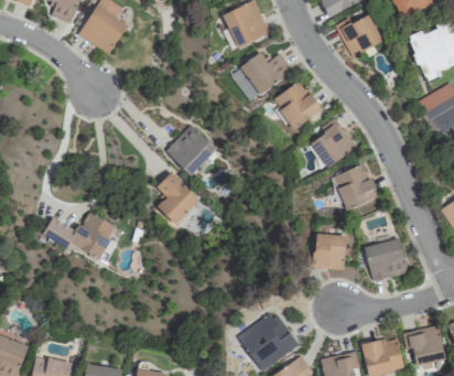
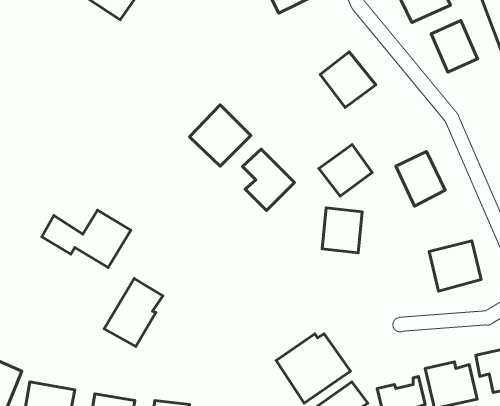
building: [231,52,293,100] -> none
building: none -> [431,20,477,72]
building: [312,123,356,166] -> [319,144,372,196]
building: [156,172,199,223] -> [242,149,294,210]
building: [313,232,346,269] -> [322,208,362,253]
building: none -> [104,278,163,346]

